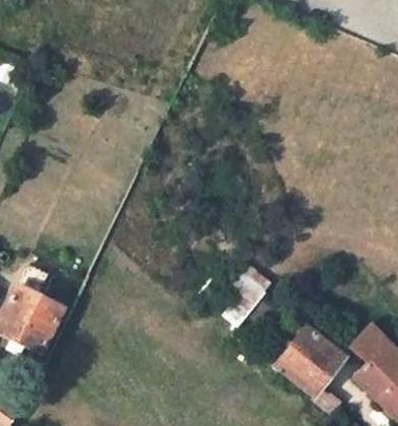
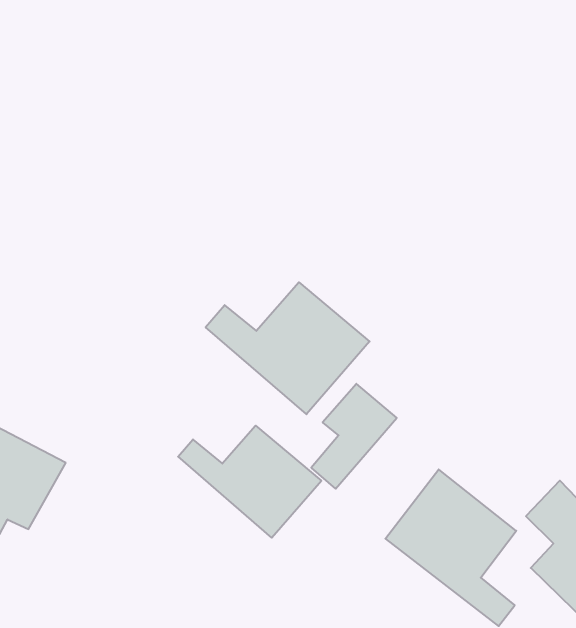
building: none -> [206,282,370,414]
building: none -> [178,426,321,538]

